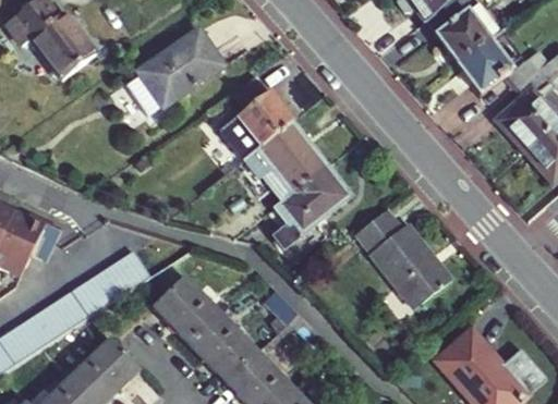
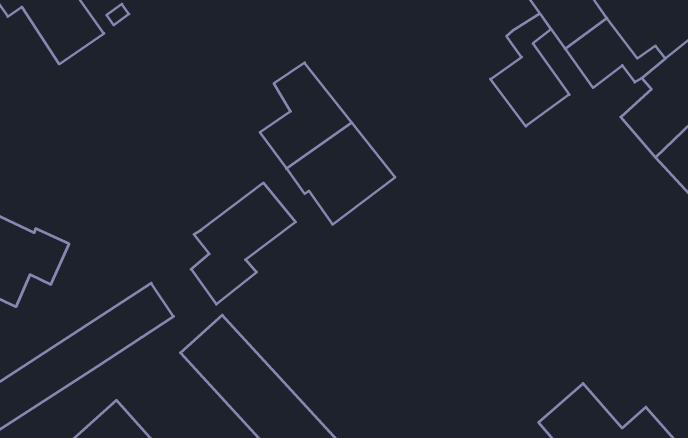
building: [124,34,221,115] -> none
building: none -> [490,13,569,126]
building: [267,167,349,261] -> [191,183,296,304]
building: [360,208,462,306] -> none

